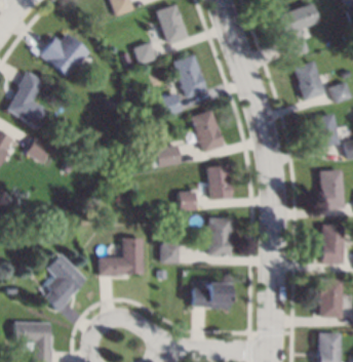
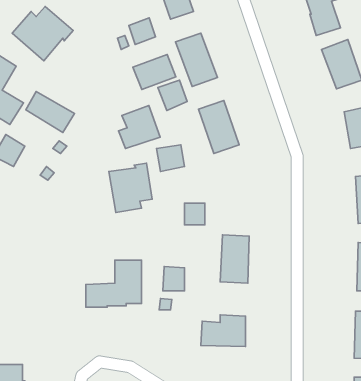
building: none -> [133,54,176,90]
building: none -> [26,91,75,133]
building: none -> [118,106,160,149]
building: none -> [109,163,152,213]
building: [208,165,233,200] -> none
building: [44,253,87,311] -> none

